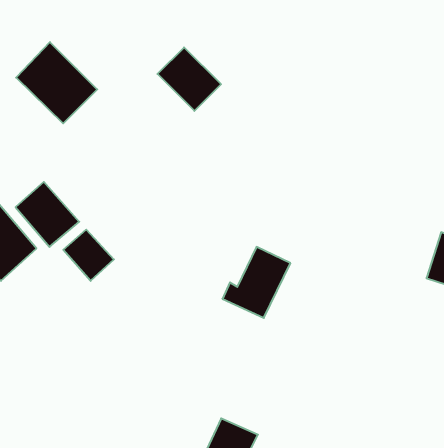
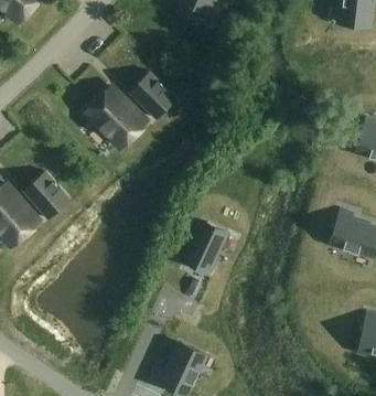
building: [16,42,97,123] -> [86,86,147,147]
building: [63,230,114,281] -> none

